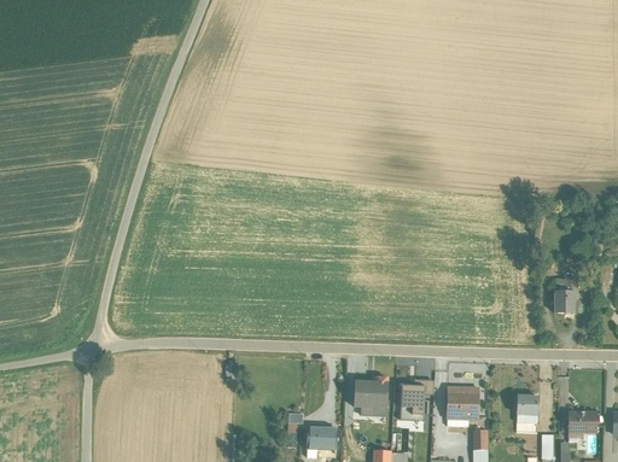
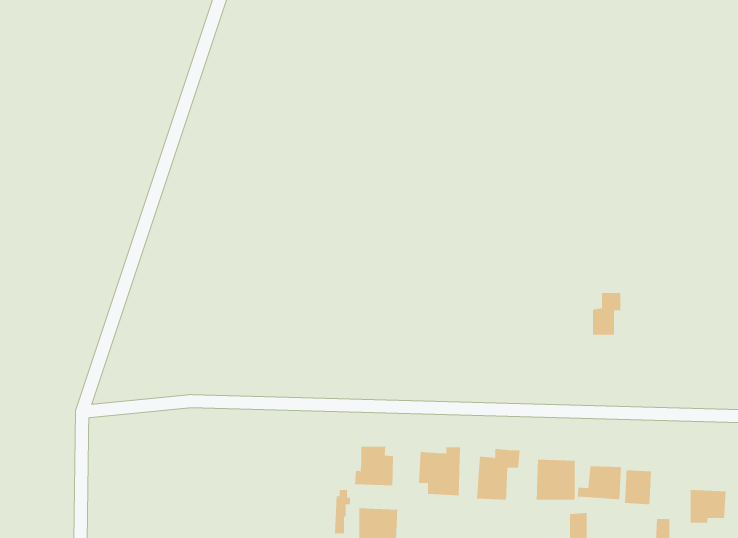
building: [555,277,578,311] -> [592,293,621,335]
building: none -> [355,446,393,486]
building: none -> [577,465,621,500]

